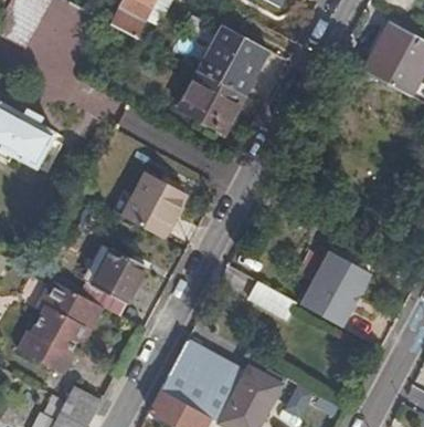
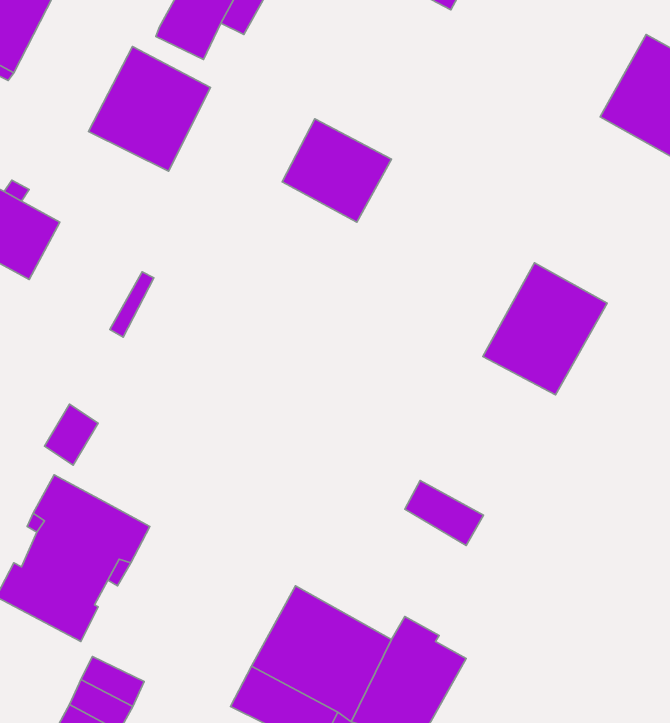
building: [199,24,269,95] -> none
building: none -> [89,47,211,171]
building: [121,173,183,239] -> none
building: [77,243,147,316] -> none
building: [301,251,373,327] -> [483,263,607,395]

